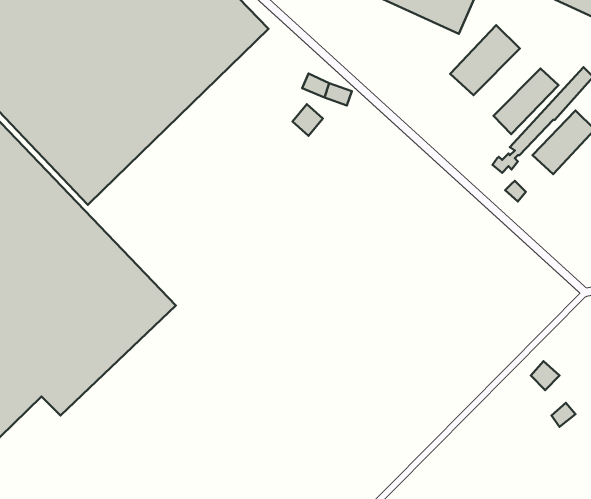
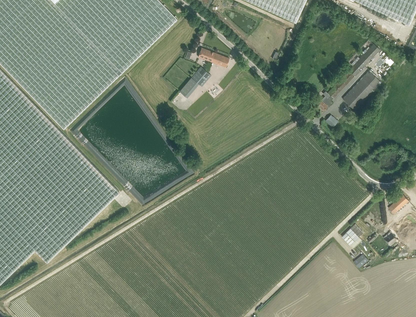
building: [450,25,520,95] -> none
building: [493,69,558,134] -> none

